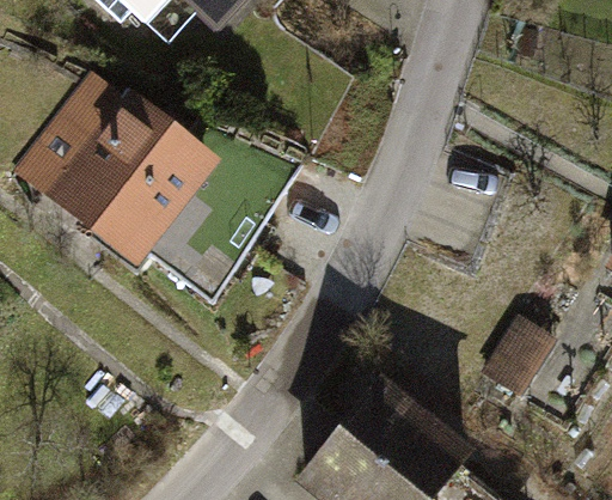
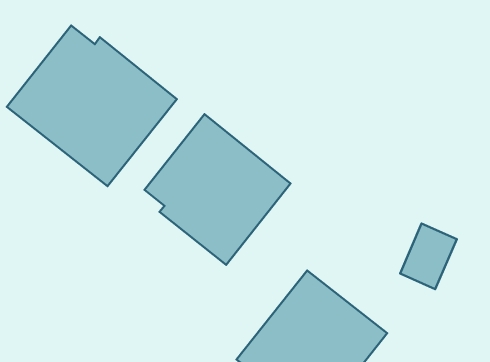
building: none -> [144,114,291,265]

